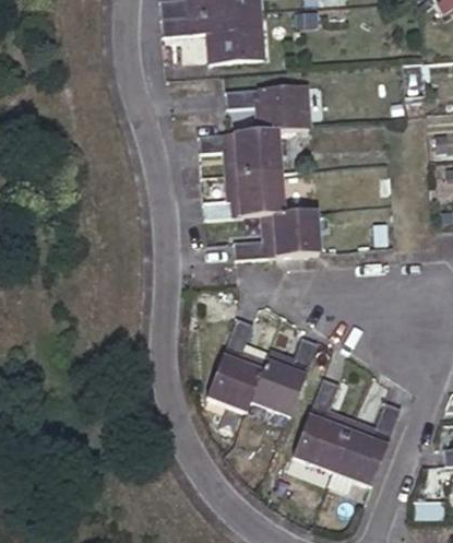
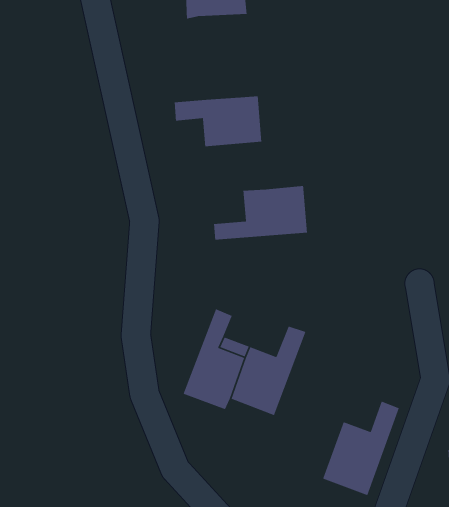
building: [225,84,309,132] -> none
building: [206,173,283,220] -> none
building: [294,377,351,472] -> none

